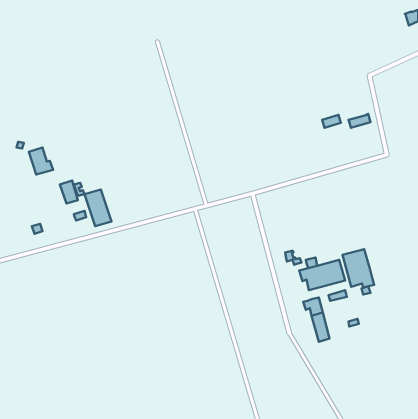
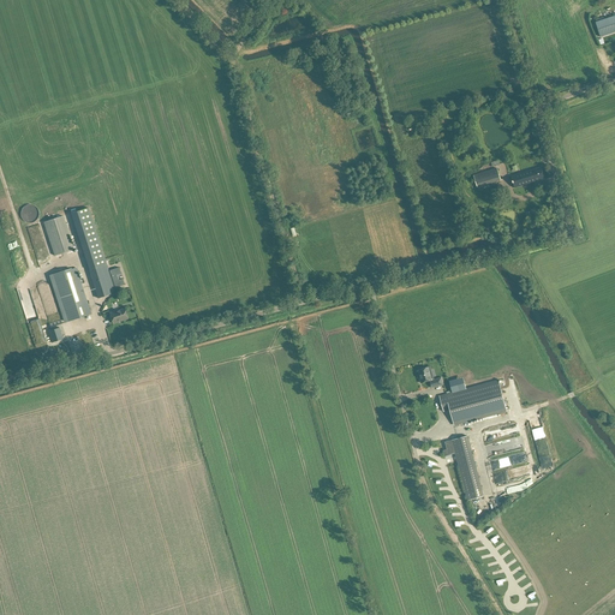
building: [84,189,111,226] -> [50,268,90,322]
building: [343,249,374,287] -> none

